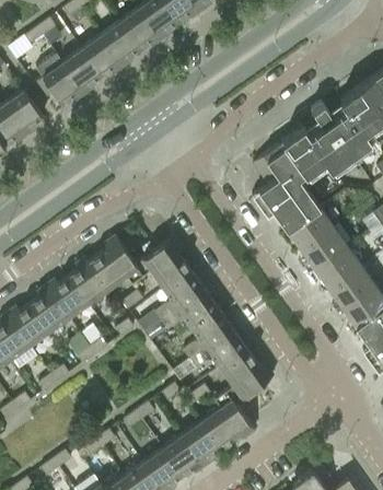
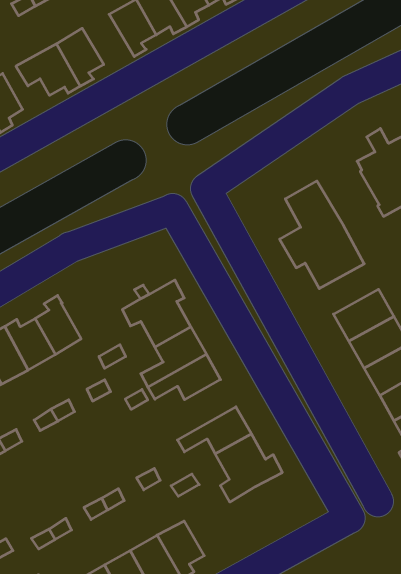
building: [81,36,124,75] -> none
building: [276,127,326,179] -> none
building: [287,208,333,249] -> none
building: [88,236,143,290] -> none
building: [183,310,232,360] -> none
building: [201,392,255,447] -> none

